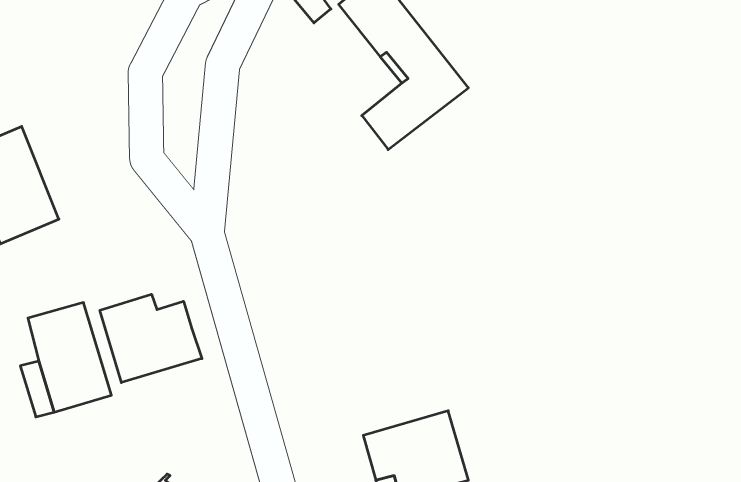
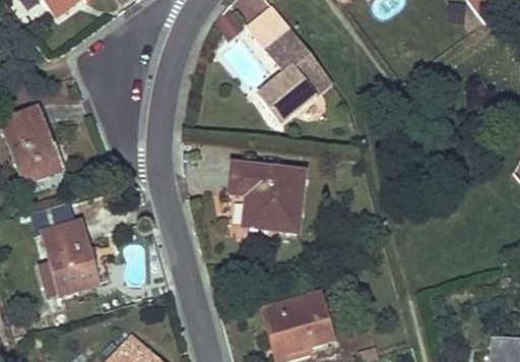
building: none -> [231,165,304,231]
building: [100,294,202,383] -> none

